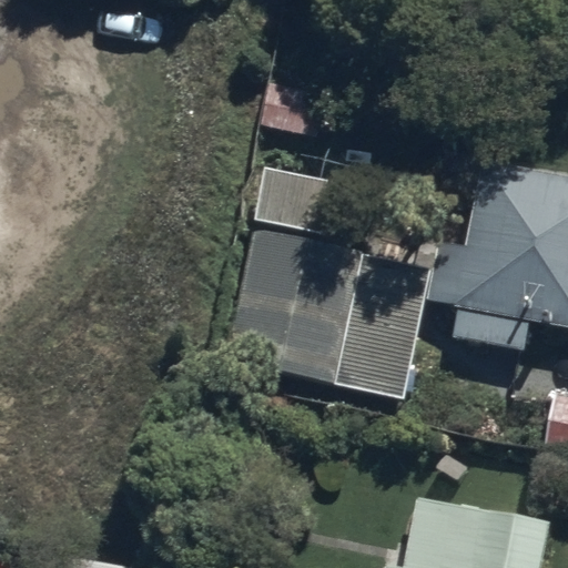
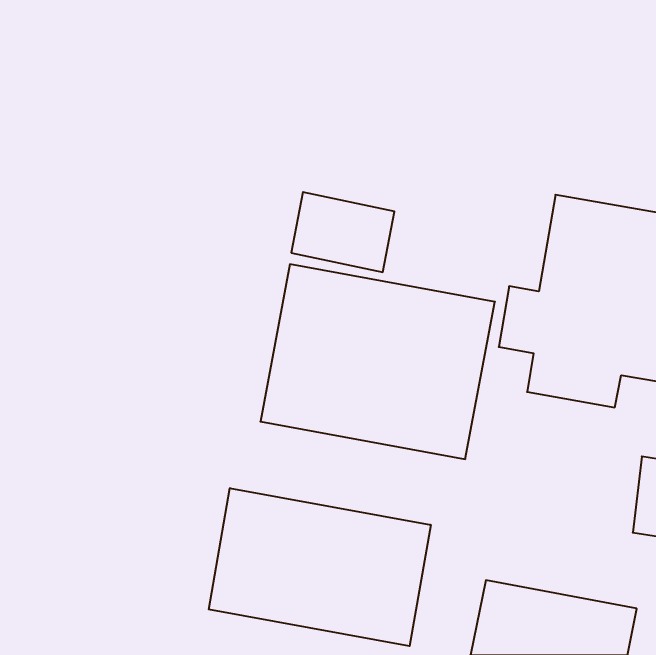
building: none -> [209,488,431,646]

